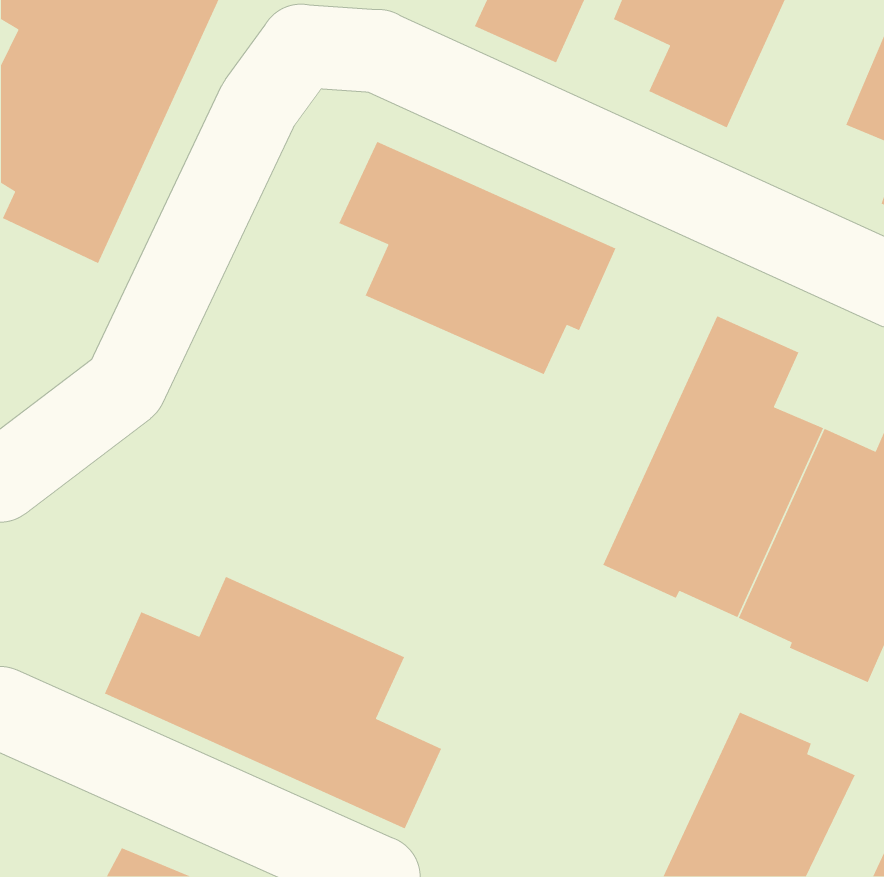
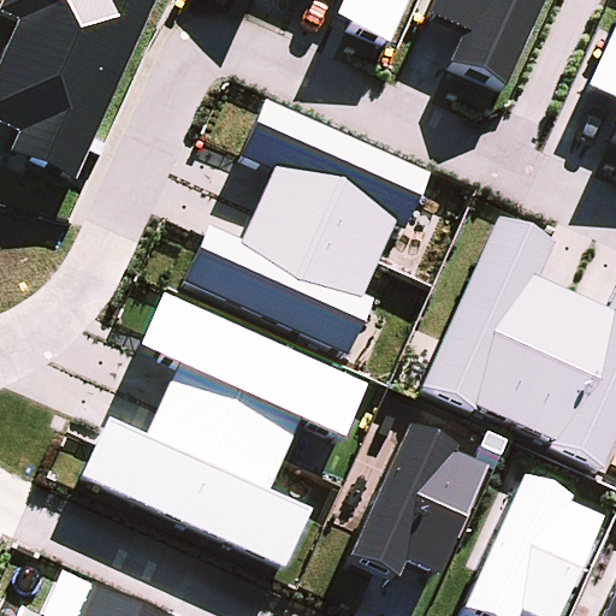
building: none -> [186,202,383,350]
building: none -> [140,290,369,449]
building: none -> [343,434,480,590]

